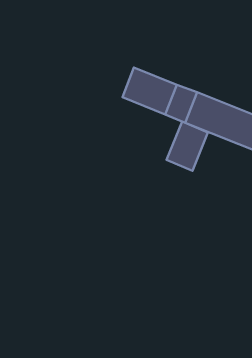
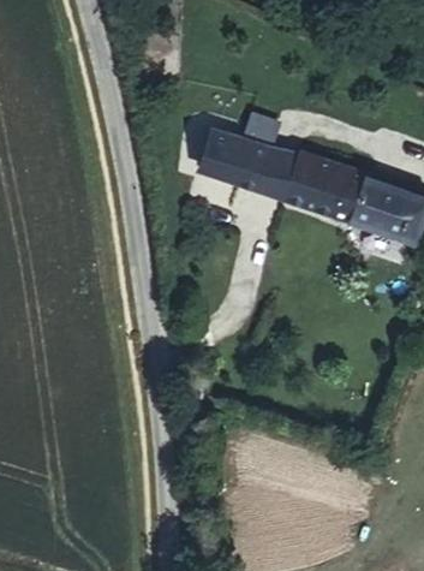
building: [167,121,208,171] -> none

